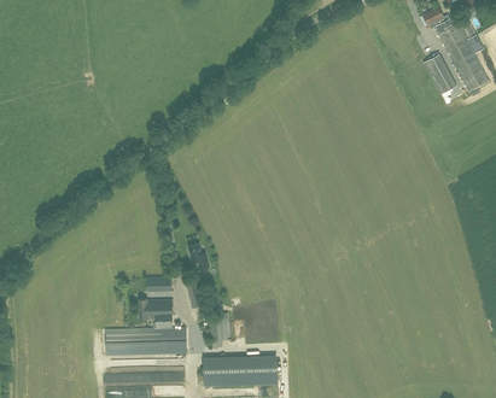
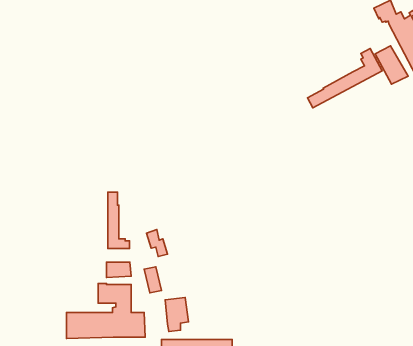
building: none -> [307,48,382,108]
building: none -> [108,192,130,248]

